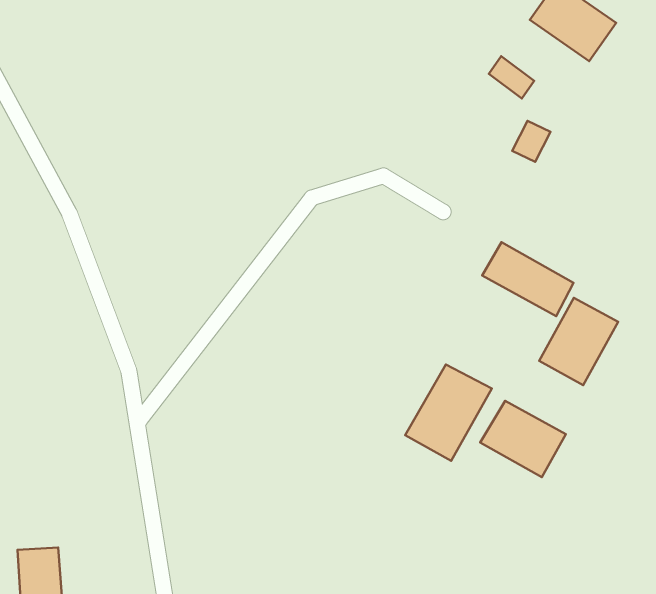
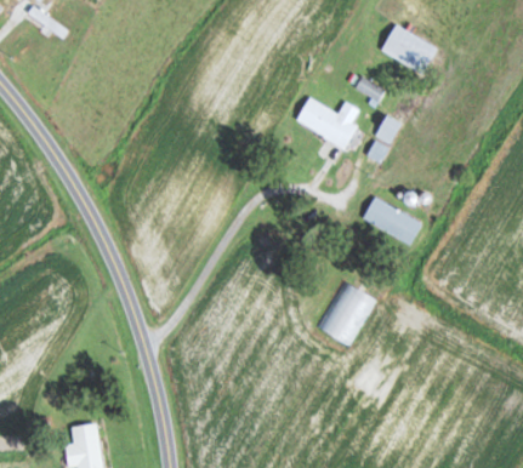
building: none -> [295,97,358,149]
building: [539,298,618,385] -> none
building: [480,401,566,477] -> none

